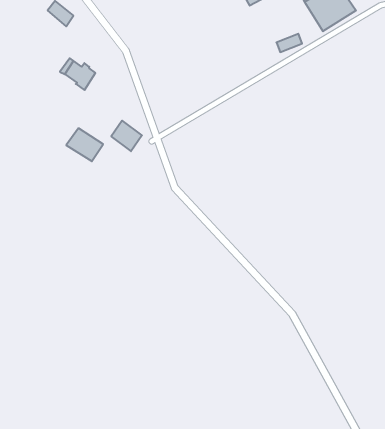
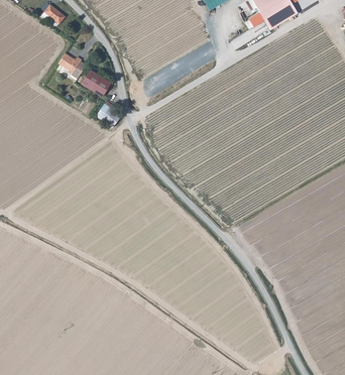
building: [66,128,103,161] -> [81,69,111,96]

